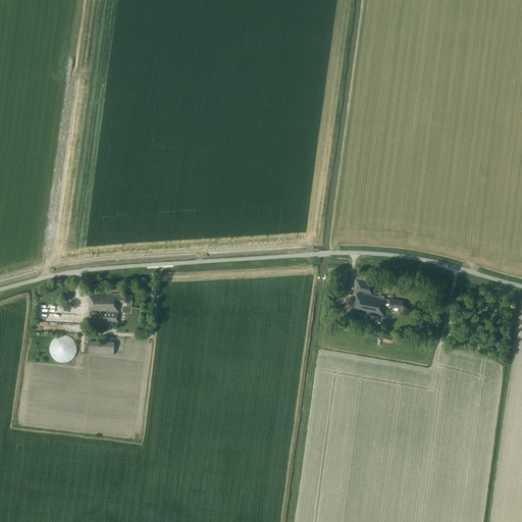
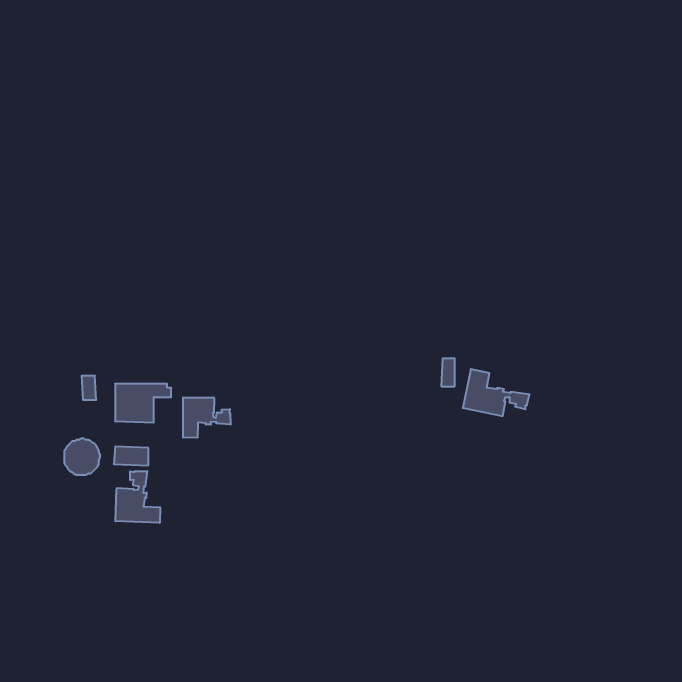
building: none -> [183,397,231,438]
building: none -> [115,471,160,523]

